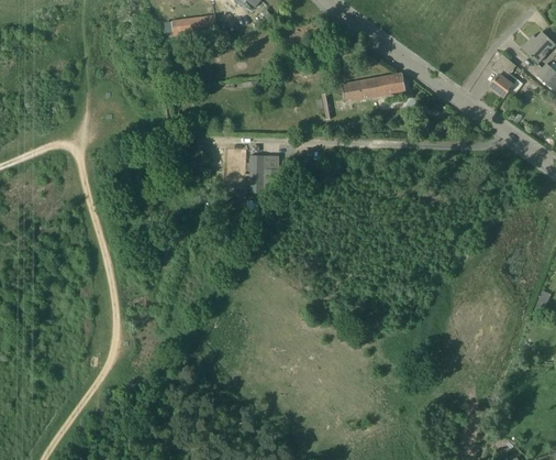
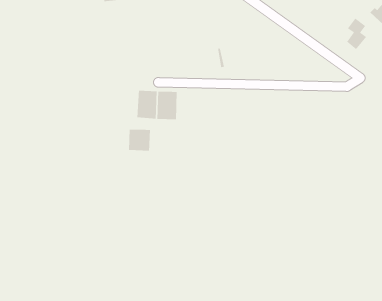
building: [341,73,404,102] -> none
building: none -> [128,129,151,151]

